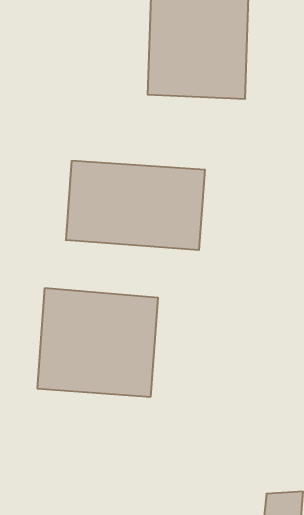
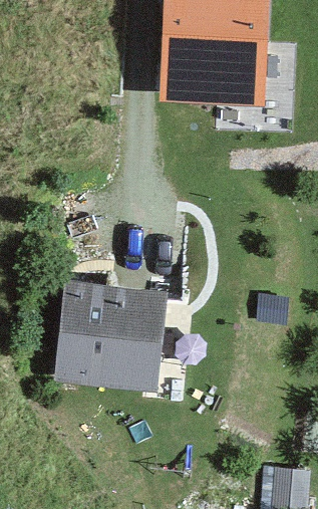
building: [66,161,205,250] -> none

